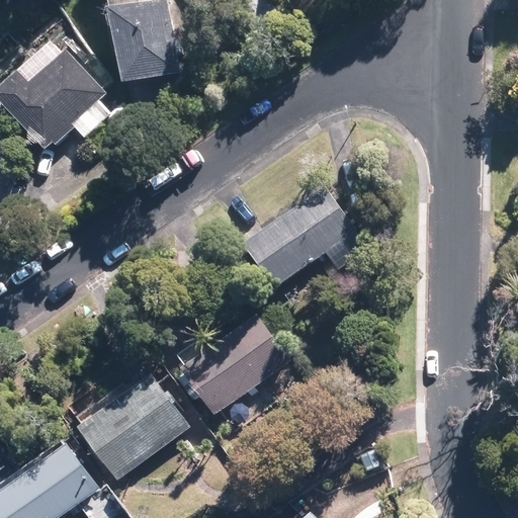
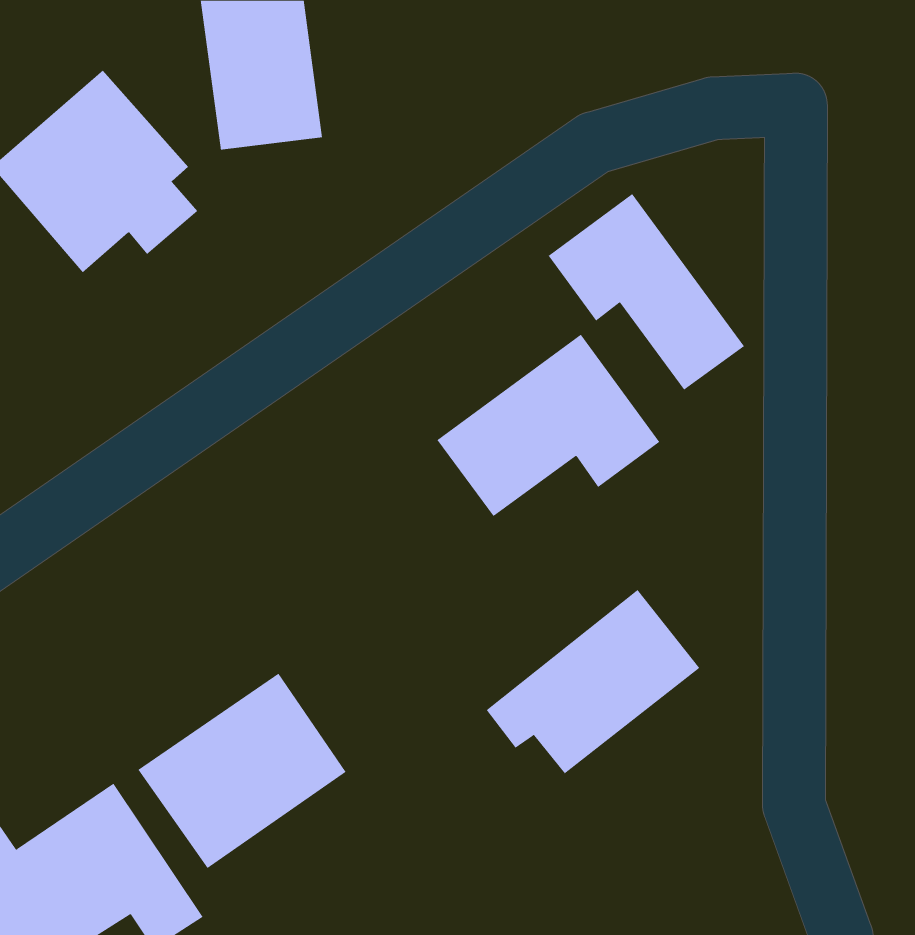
building: none -> [548,193,745,391]
building: [169,312,287,414] -> [486,589,700,774]

